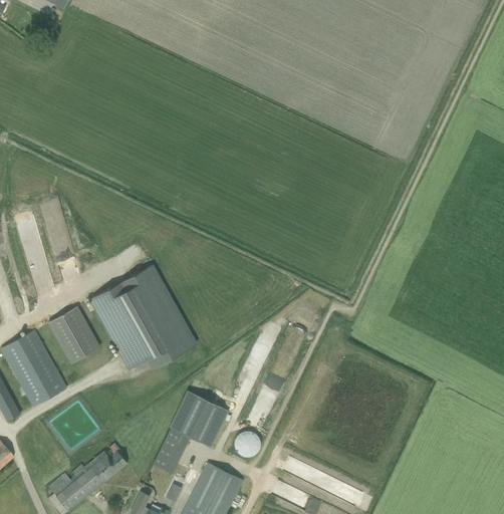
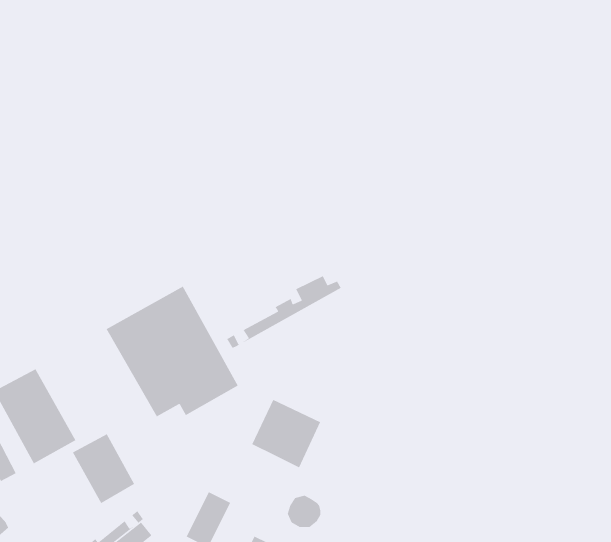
building: none -> [226,275,342,349]
building: [49,307,99,363] -> [72,433,135,504]
building: [172,392,227,447] -> [251,399,321,469]

